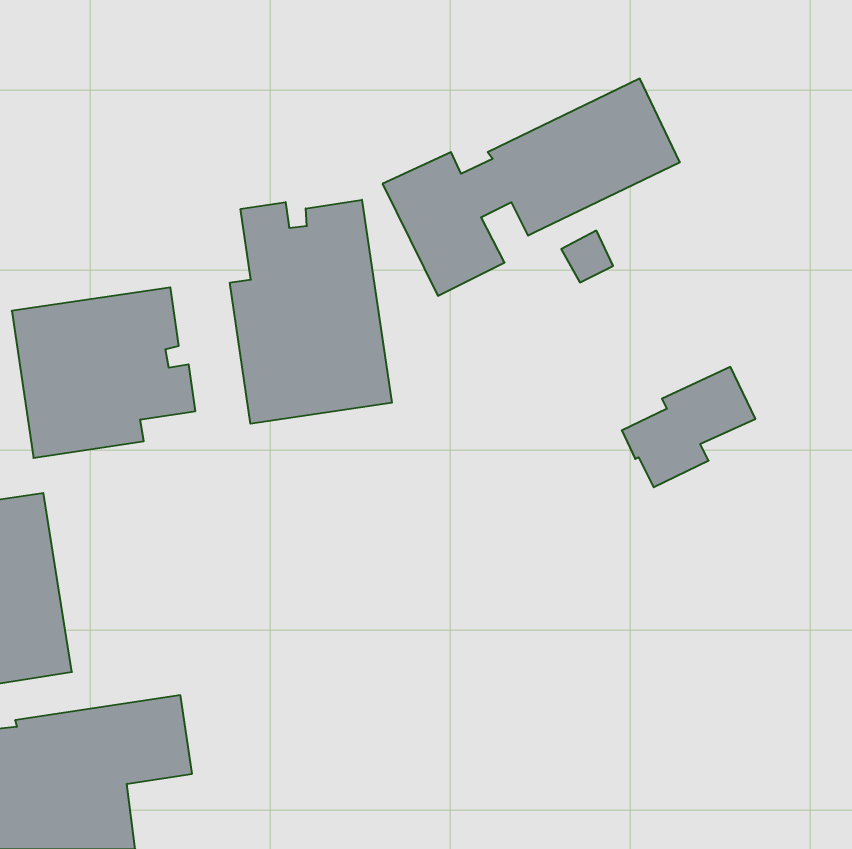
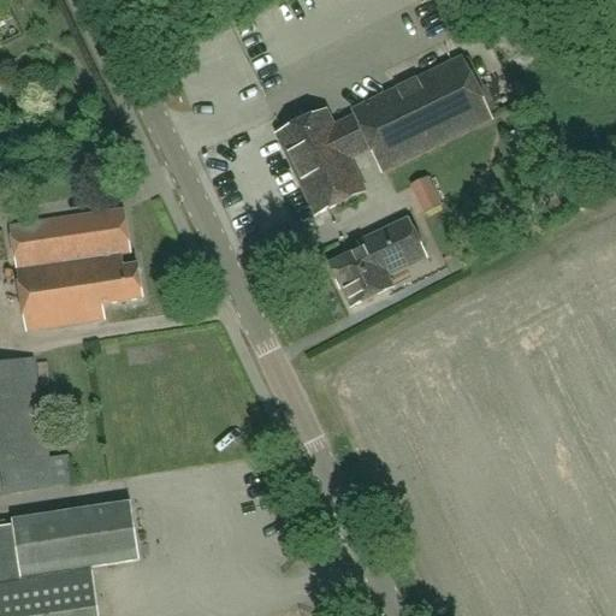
building: [230,200,392,424] -> none
building: [622,367,755,487] -> [328,218,425,304]

